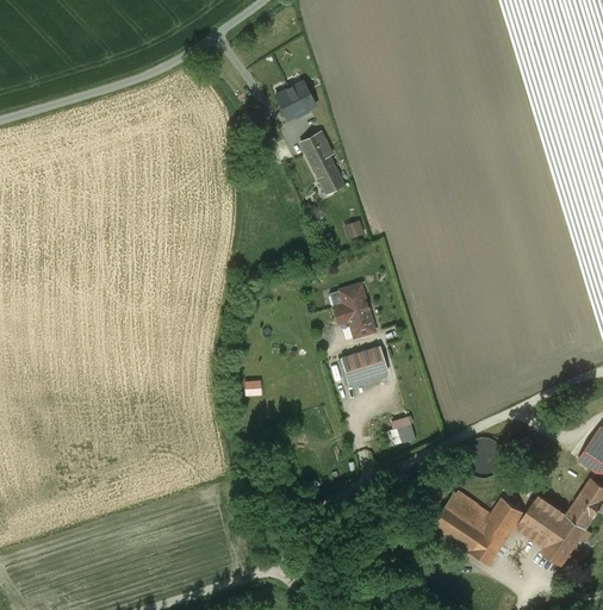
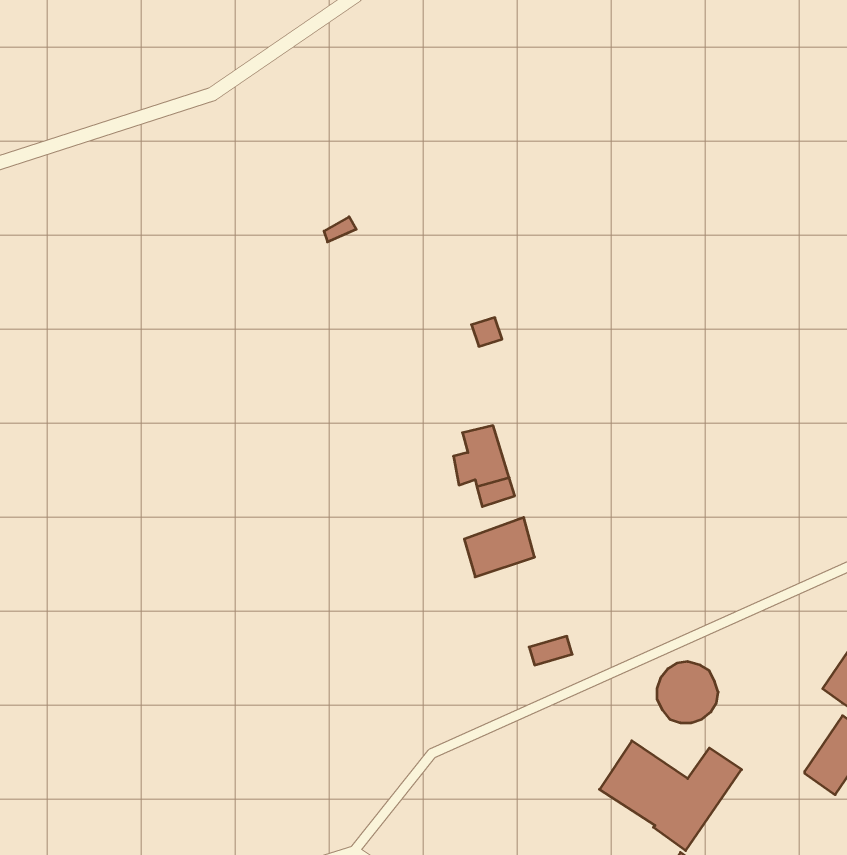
building: [276,82,315,118] -> none
building: [296,132,341,192] -> none
building: [518,496,586,564] -> none

